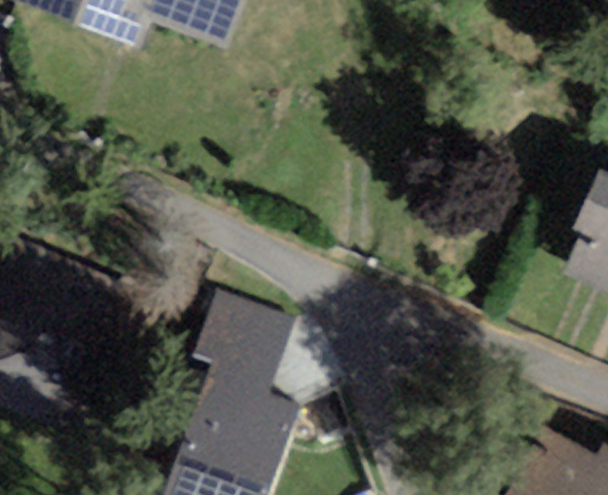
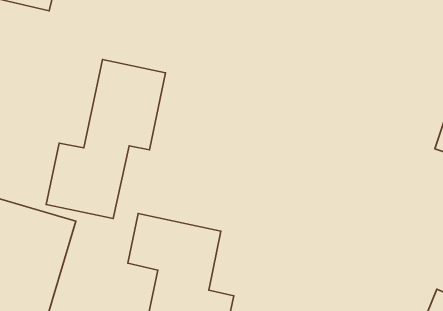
building: none -> [46,59,165,219]

